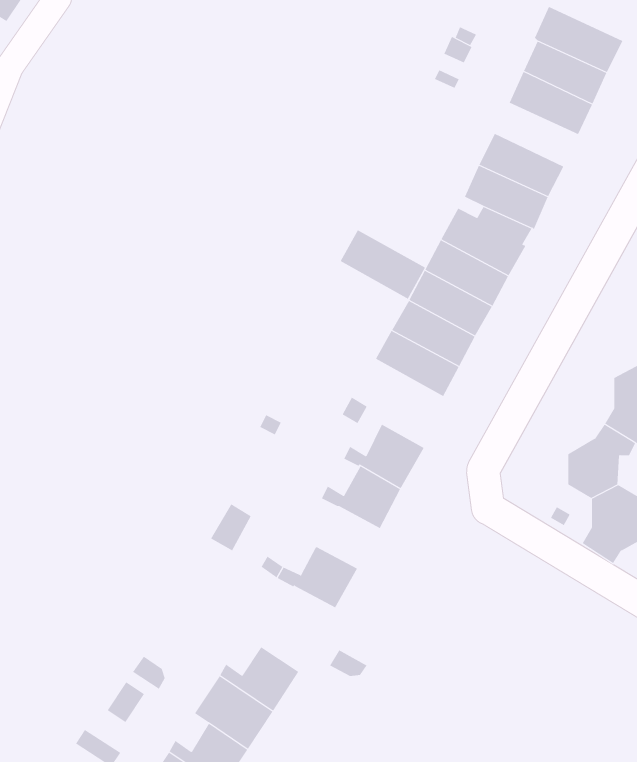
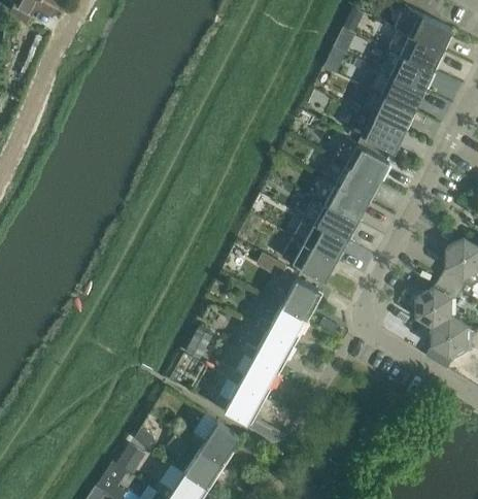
building: none -> [369,69,423,110]
building: [340,229,426,299] -> [280,235,336,280]
building: none -> [242,331,295,371]
building: none -> [214,382,266,424]

